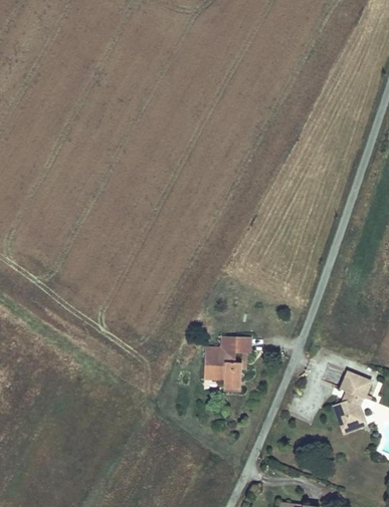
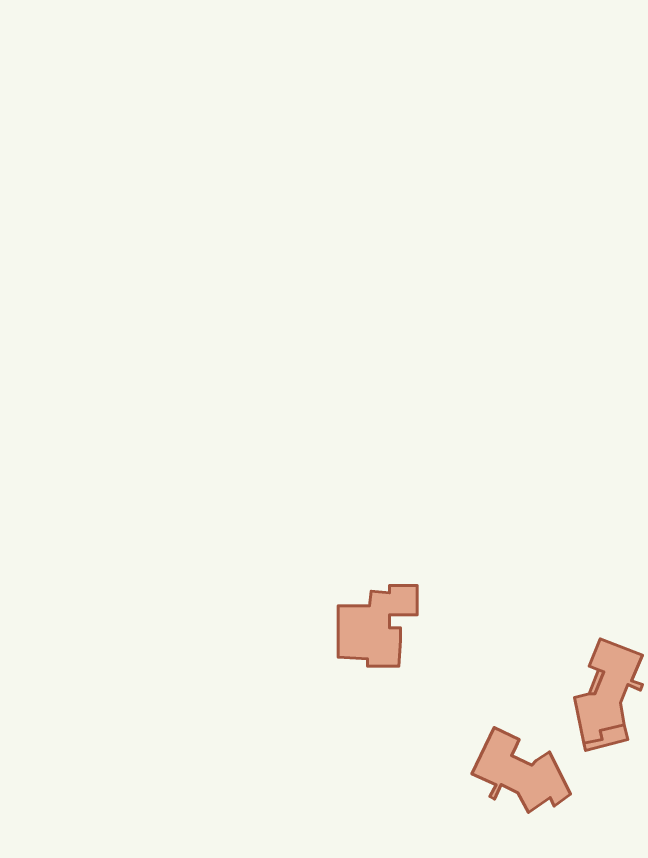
building: none -> [472,727,571,813]

